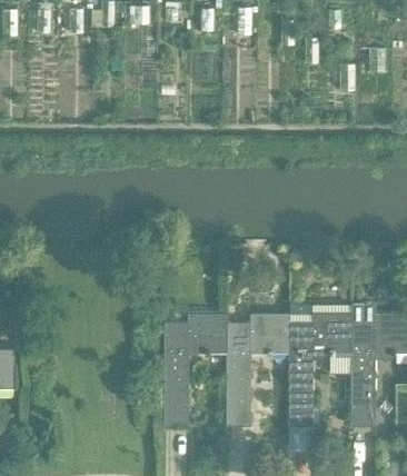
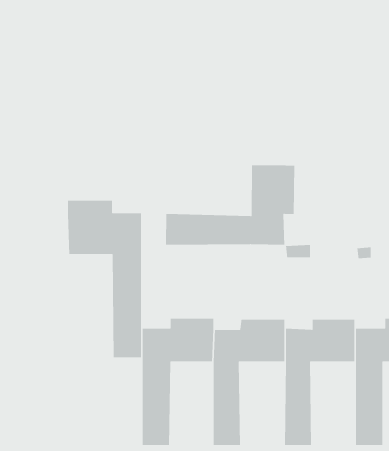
building: none -> [165,164,295,245]
building: none -> [67,200,142,358]

